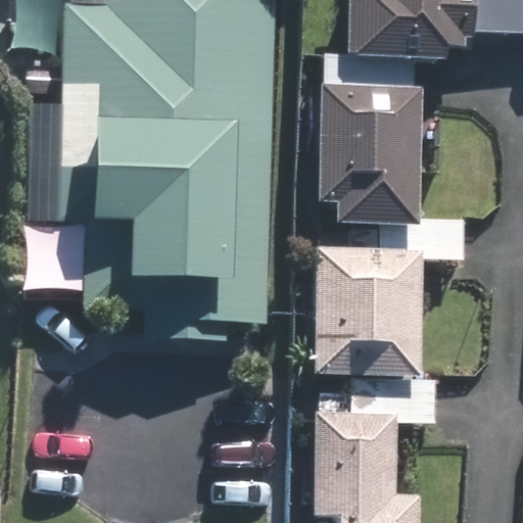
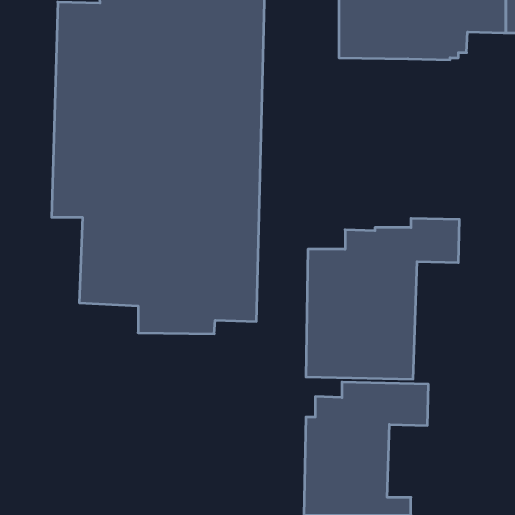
building: [317,54,422,226] -> none

